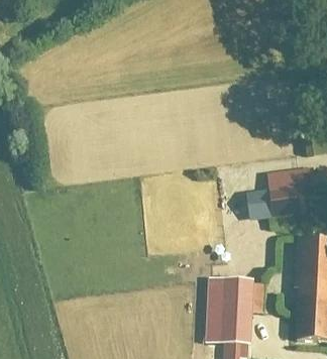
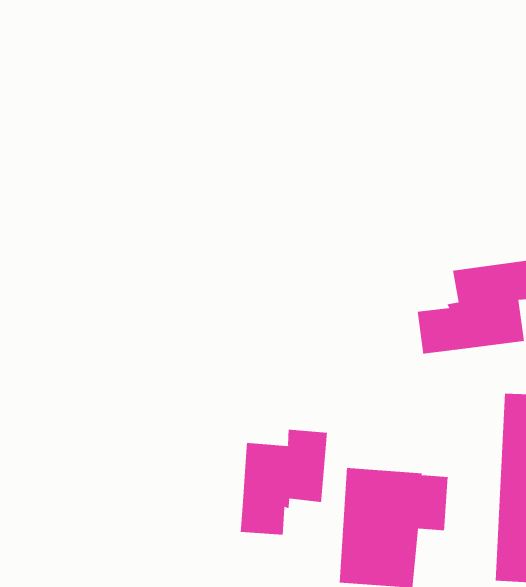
building: none -> [240,429,328,536]

